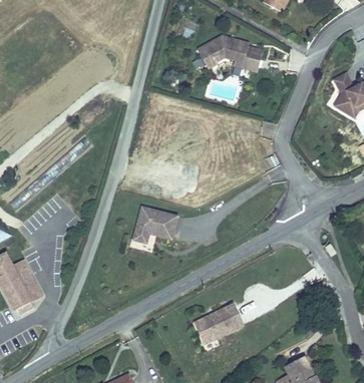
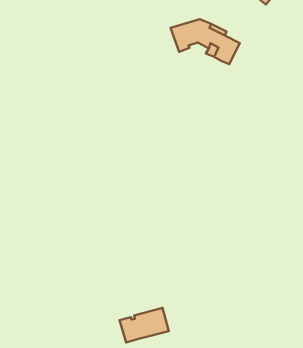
building: [134,208,178,243] -> none

